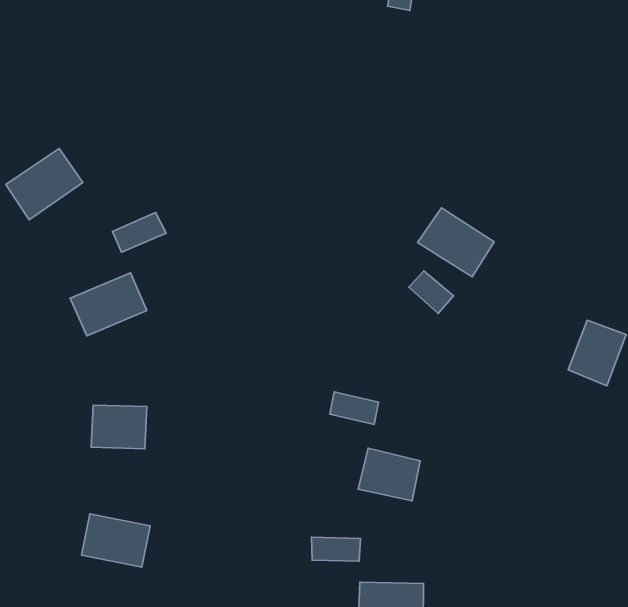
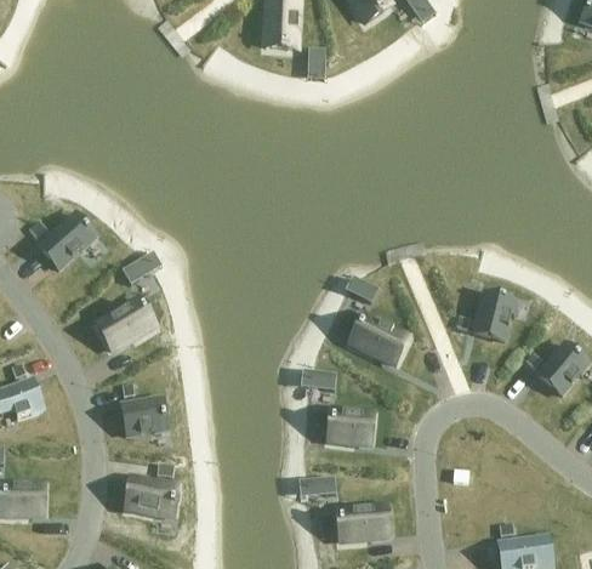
building: [418,208,494,277] -> [349,315,406,364]

